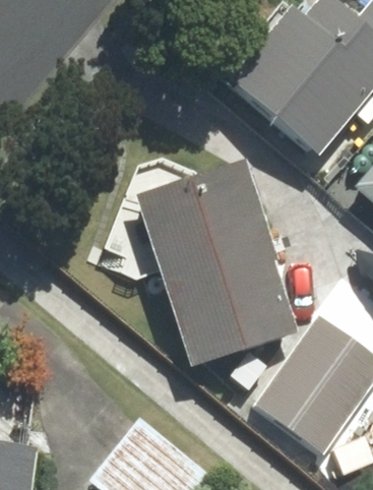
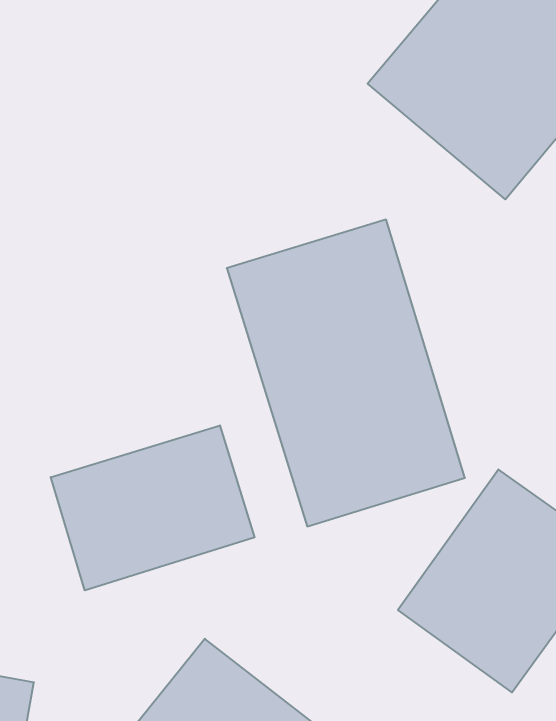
building: none -> [51,425,255,590]

